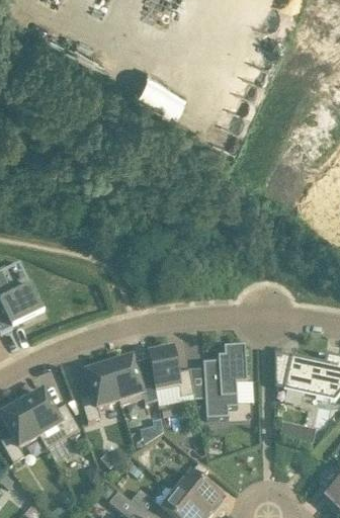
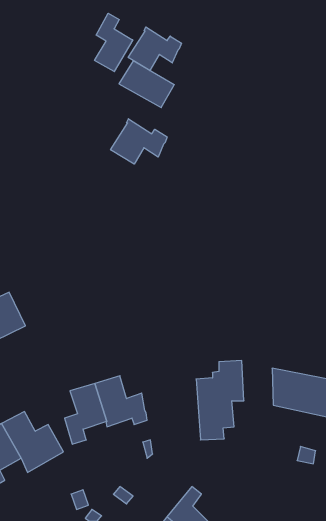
building: none -> [95,13,133,72]
building: none -> [128,27,181,71]
building: none -> [111,119,167,164]
building: [148,347,193,394] -> none

